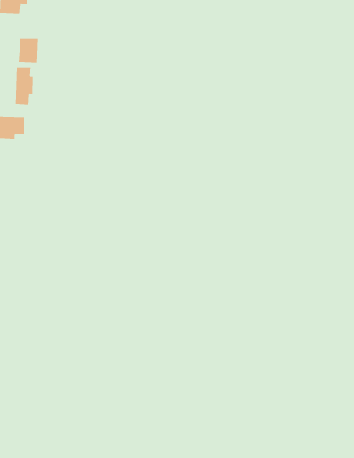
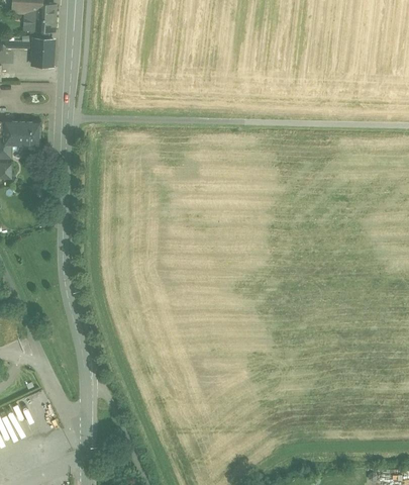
building: none -> [32,6,54,32]
building: [15,67,33,106] -> none

